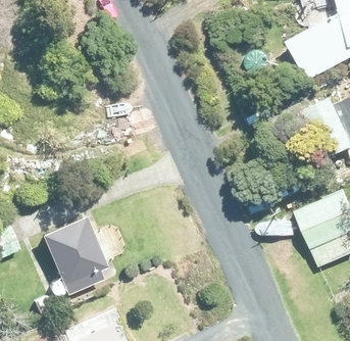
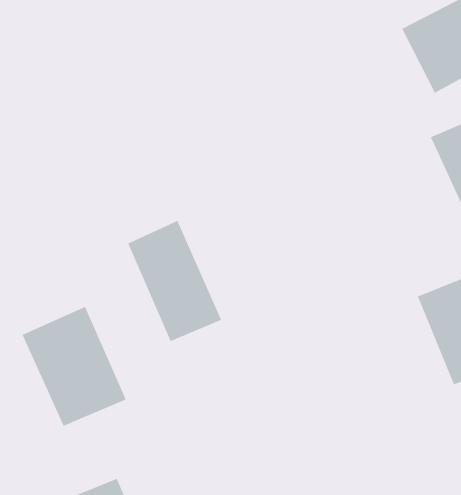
building: none -> [127,220,222,342]

